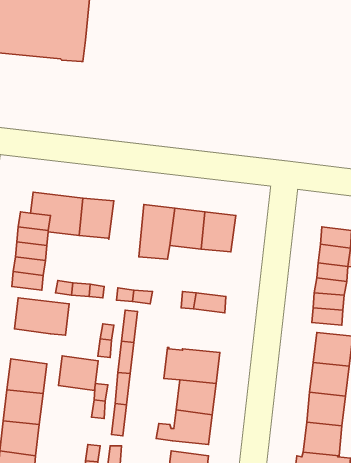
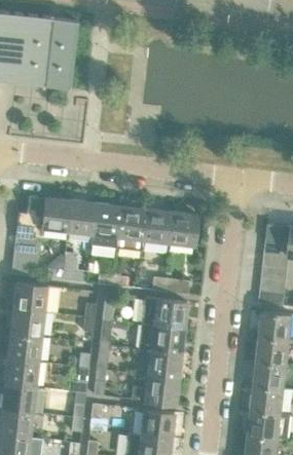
building: none -> [88,203,120,250]
building: none -> [141,299,185,329]
building: [58,356,98,391] -> [10,309,43,338]

